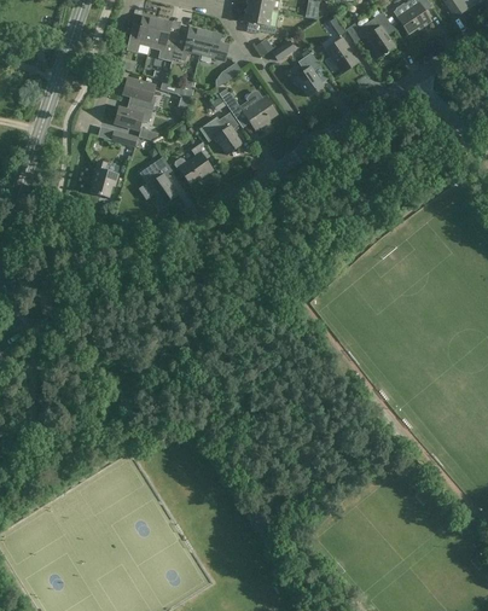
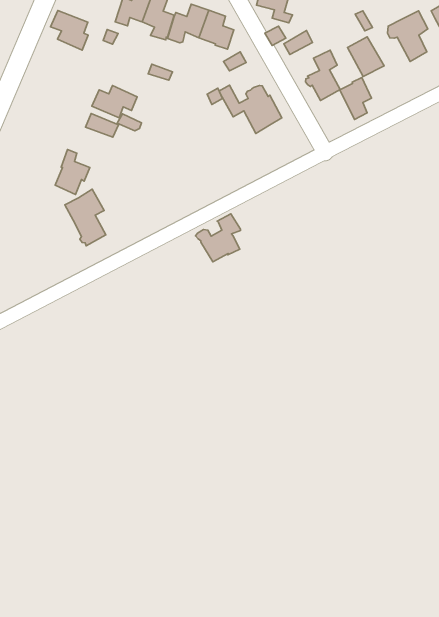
building: none -> [340,78,371,119]
building: [122,78,155,110] -> [50,11,88,50]
building: [199,114,240,155] -> none
building: [173,141,211,184] -> [196,214,241,262]
building: [139,156,176,204] -> [65,189,106,246]

